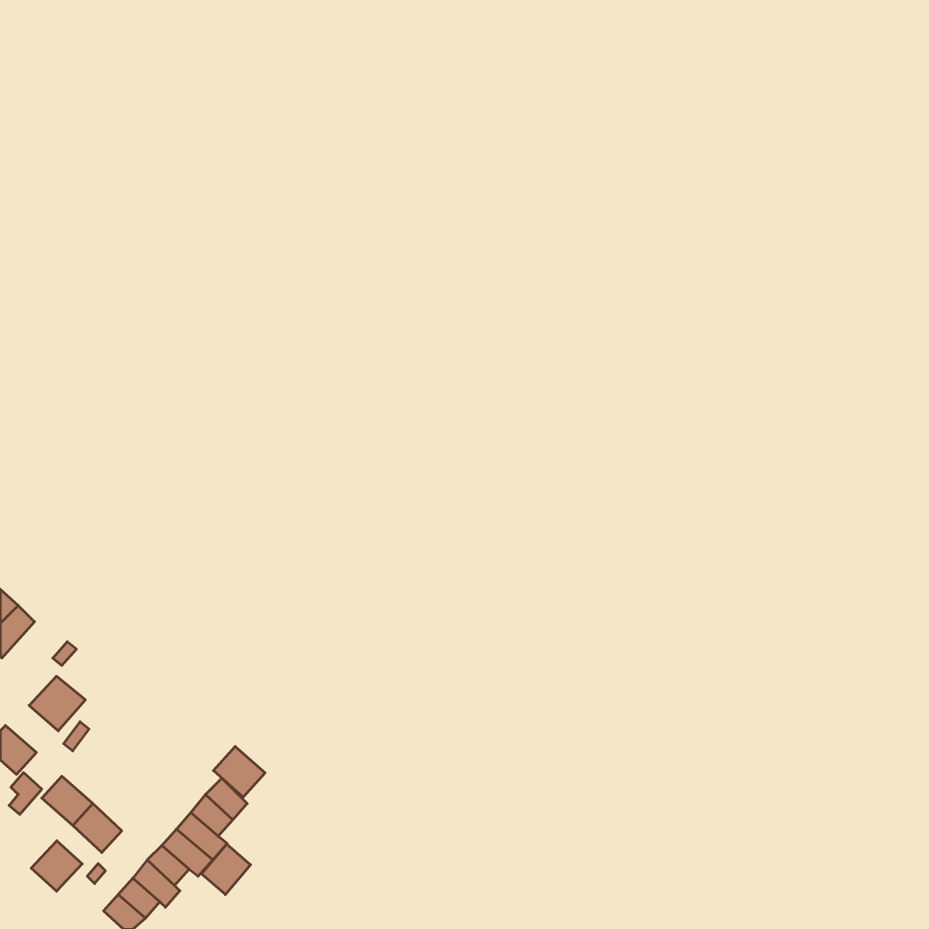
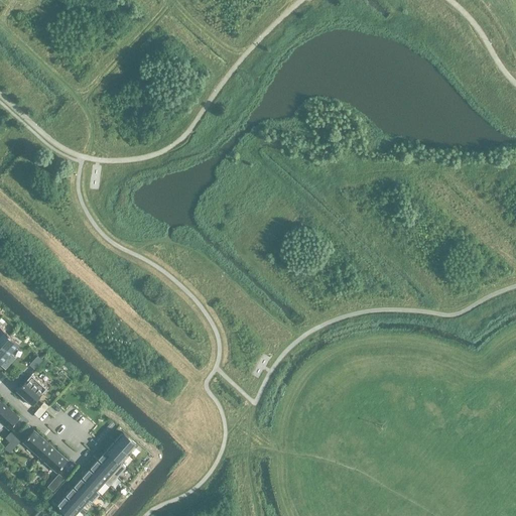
building: [213,746,265,797] -> none
building: [31,841,82,891] -> none
building: [202,844,251,895] -> none

